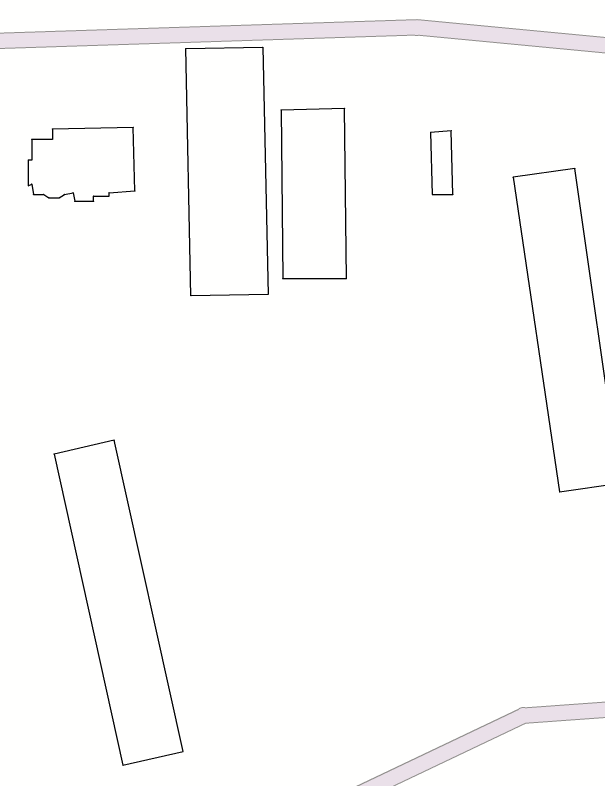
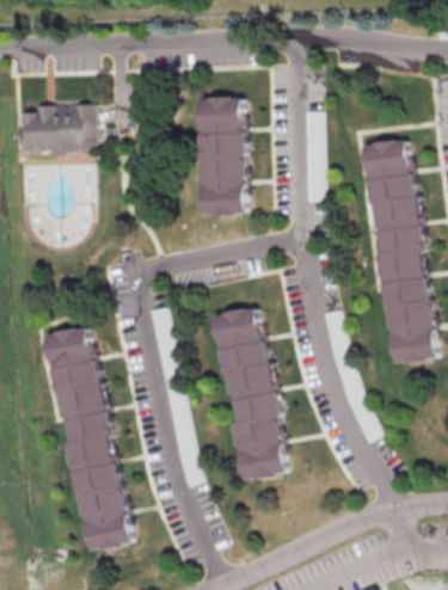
building: [186,47,268,296] -> none
building: none -> [213,306,286,480]

